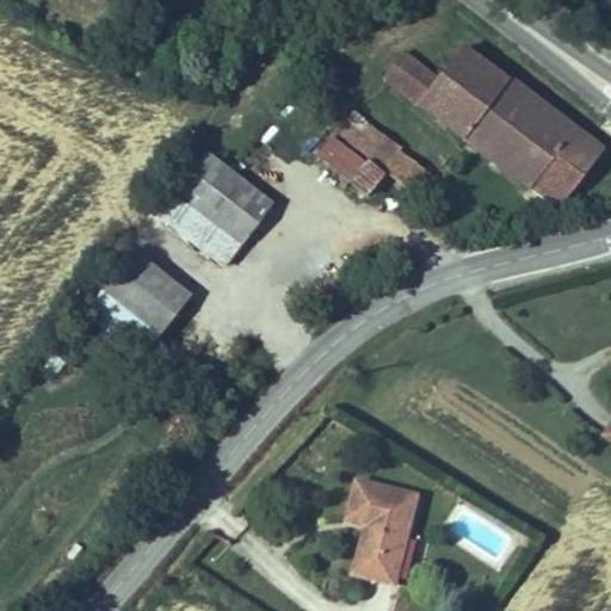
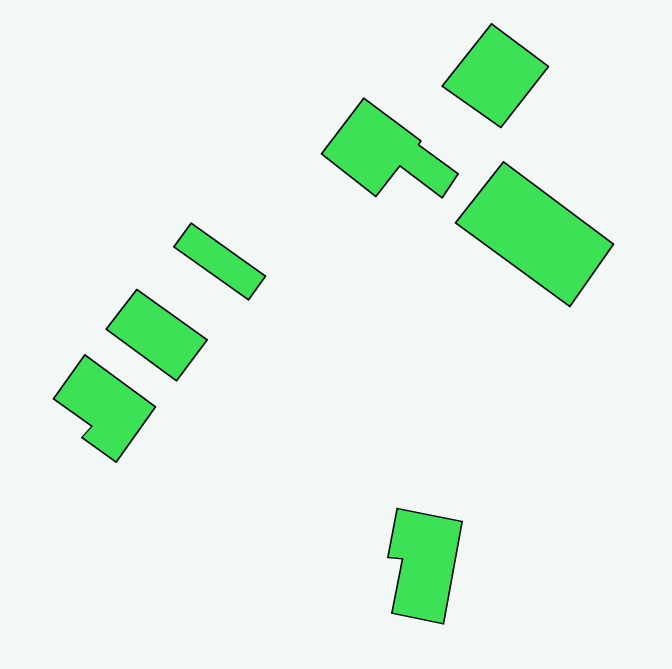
building: [456,68,598,198] -> [456,162,614,307]
building: [178,167,276,257] -> none
building: none -> [54,355,155,462]

